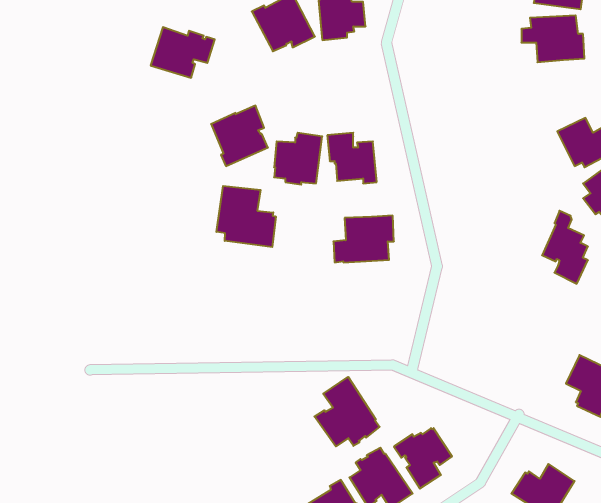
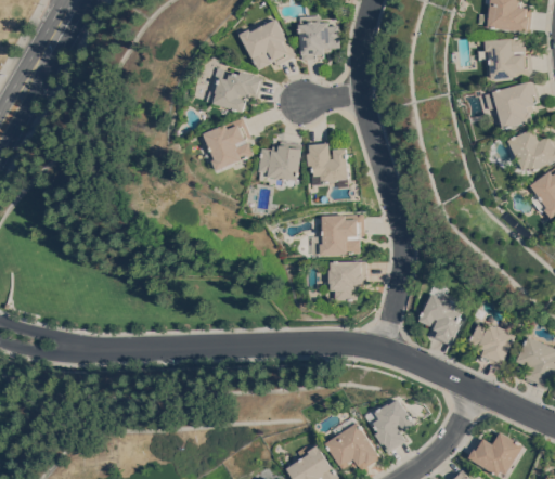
building: [151,27,215,78] -> [207,67,263,112]
building: none -> [483,81,539,129]
building: [216,186,276,247] -> none
building: [542,211,588,284] -> [418,282,459,346]
building: none -> [330,261,365,300]
building: none -> [467,324,514,370]
building: [314,377,380,446] -> none

